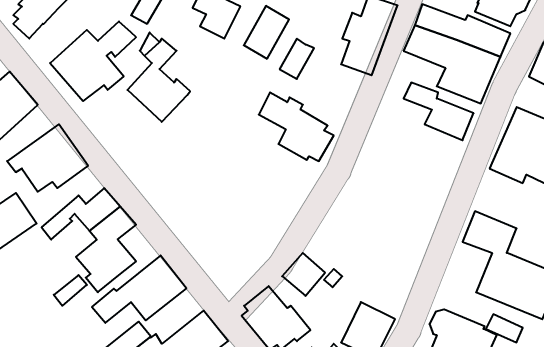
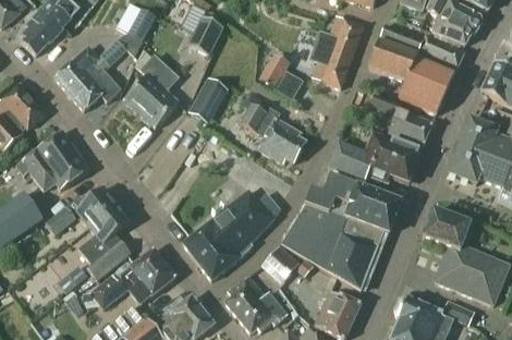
building: [244,6,289,59] -> [188,77,229,124]
building: none -> [327,131,420,183]
building: none -> [281,174,401,289]
building: none -> [184,190,281,278]

